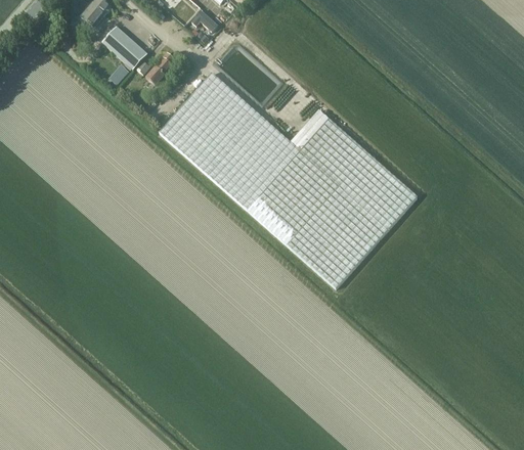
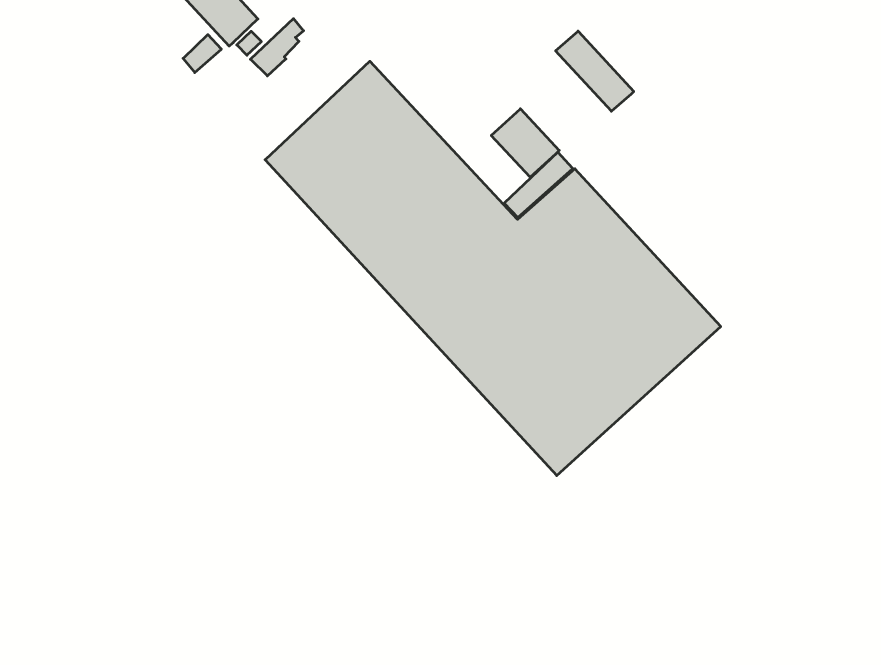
building: none -> [556,31,634,111]
building: none -> [491,109,559,177]

